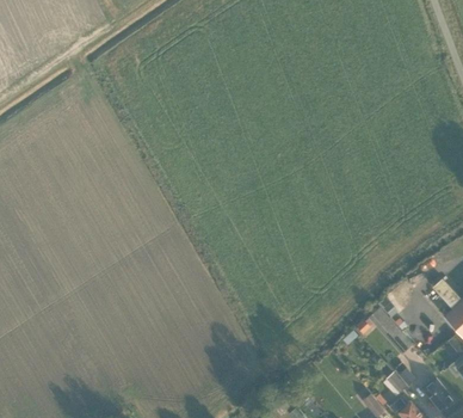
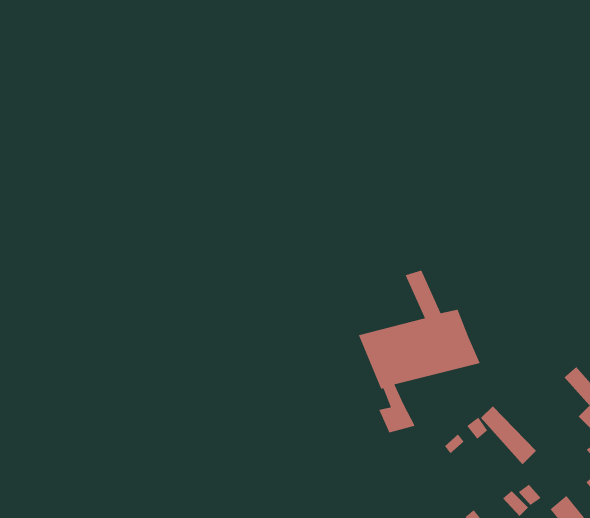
building: none -> [358,270,481,433]

